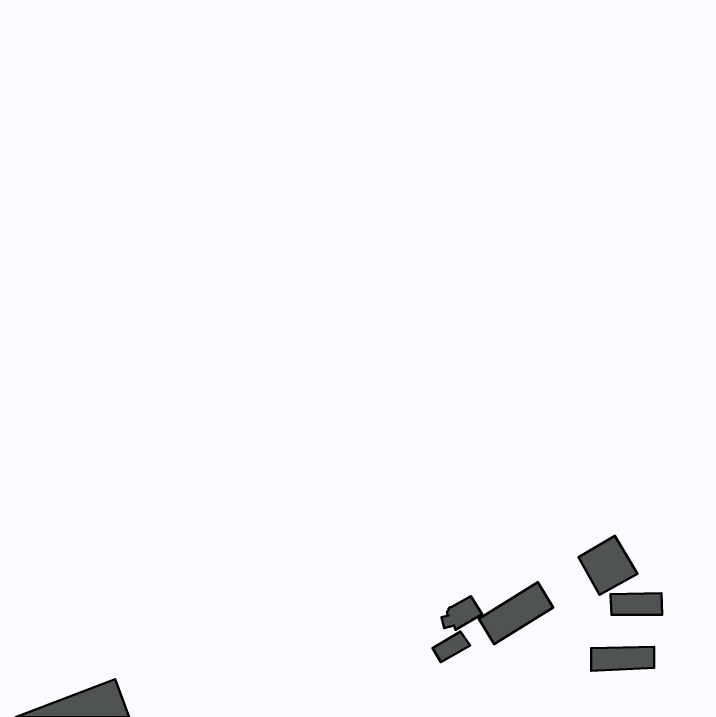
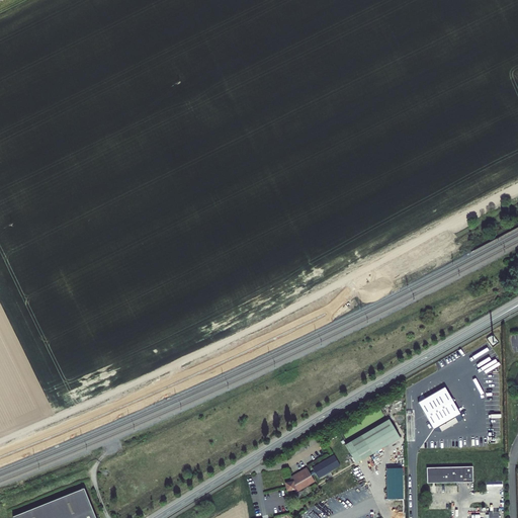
building: [611,593,662,615] -> none
building: [441,596,482,630] -> [285,469,315,494]
building: none -> [385,468,402,498]

